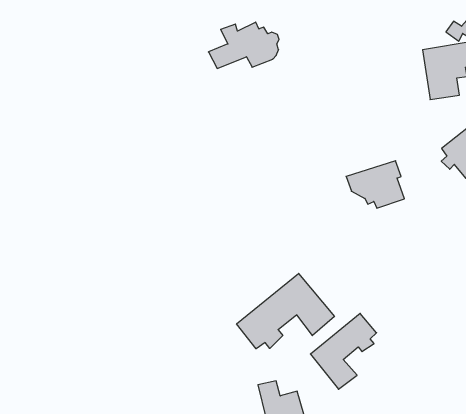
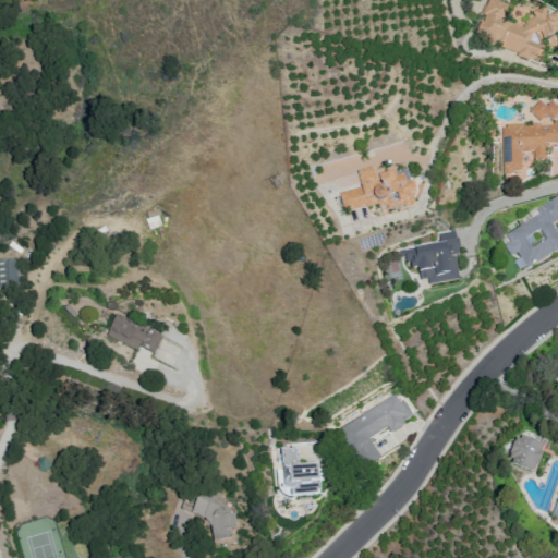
building: [208,22,279,68] -> [341,166,417,214]
building: [237,273,334,349] -> none
building: none -> [107,314,165,355]

